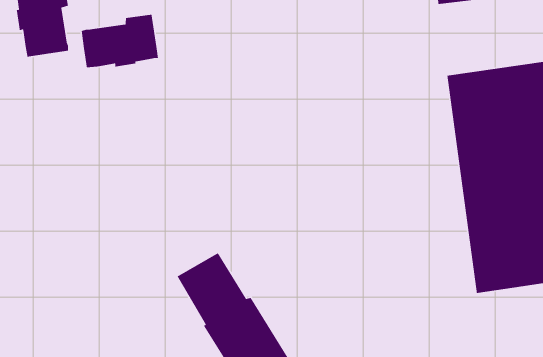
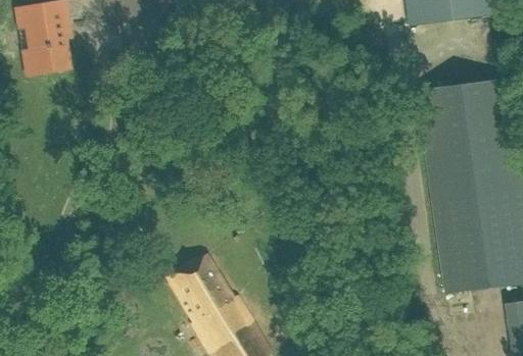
building: [81,14,159,68] -> none

